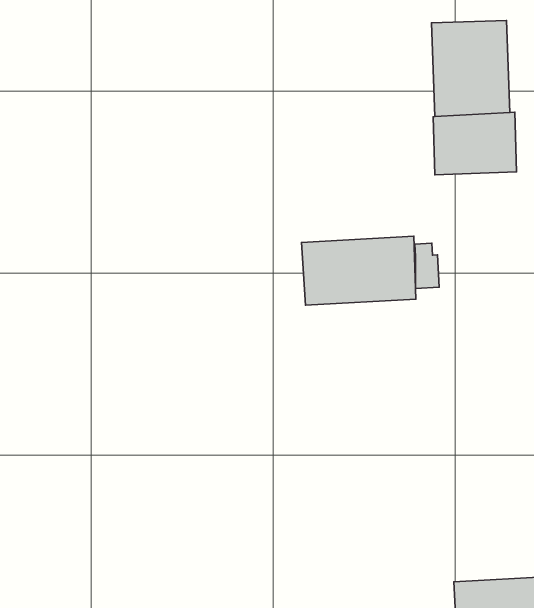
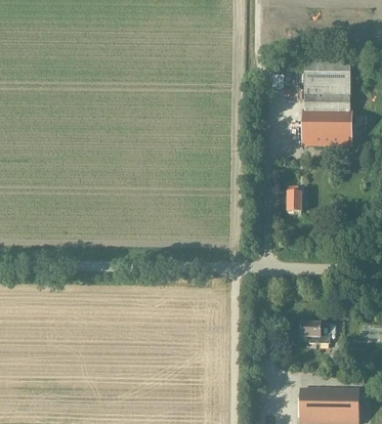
building: [302,236,416,305] -> none
building: none -> [300,324,329,341]

